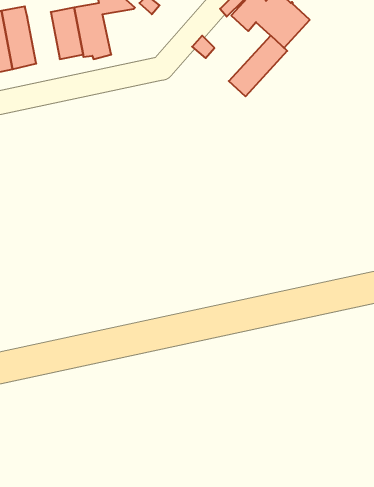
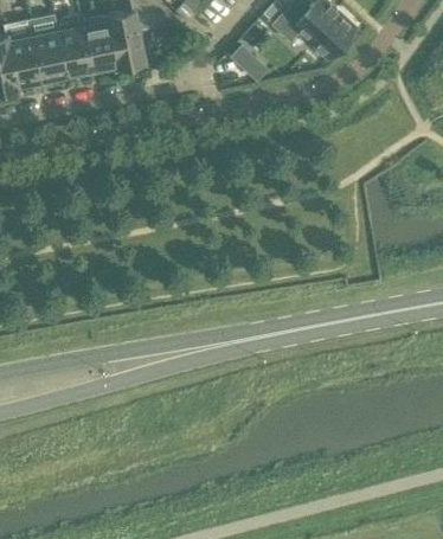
building: none -> [58,23,92,77]
building: [229,36,287,96] -> none

